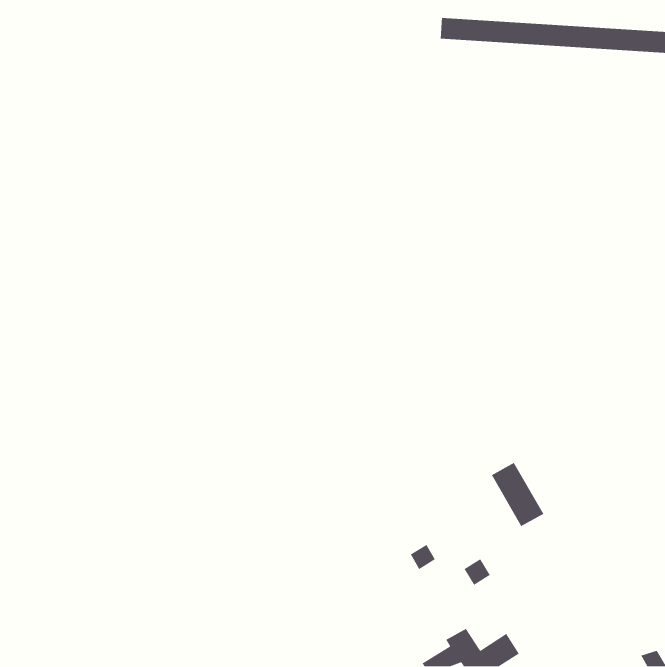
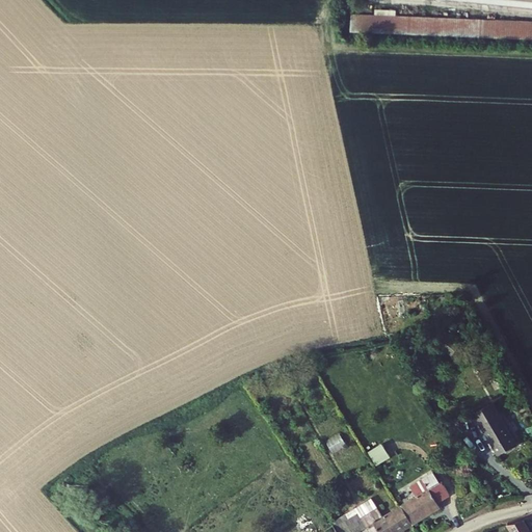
building: [491,462,544,527] -> [468,397,510,449]
building: none -> [405,470,450,518]

